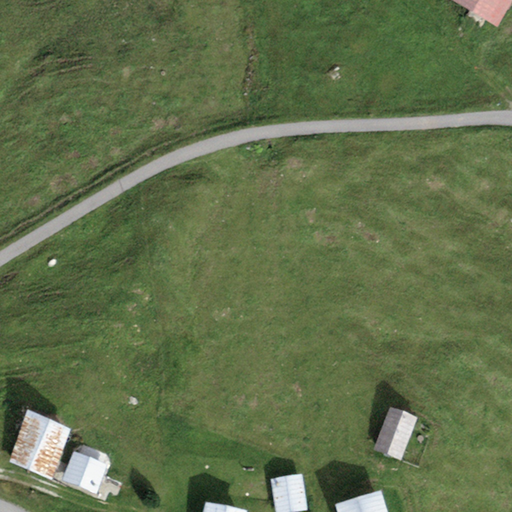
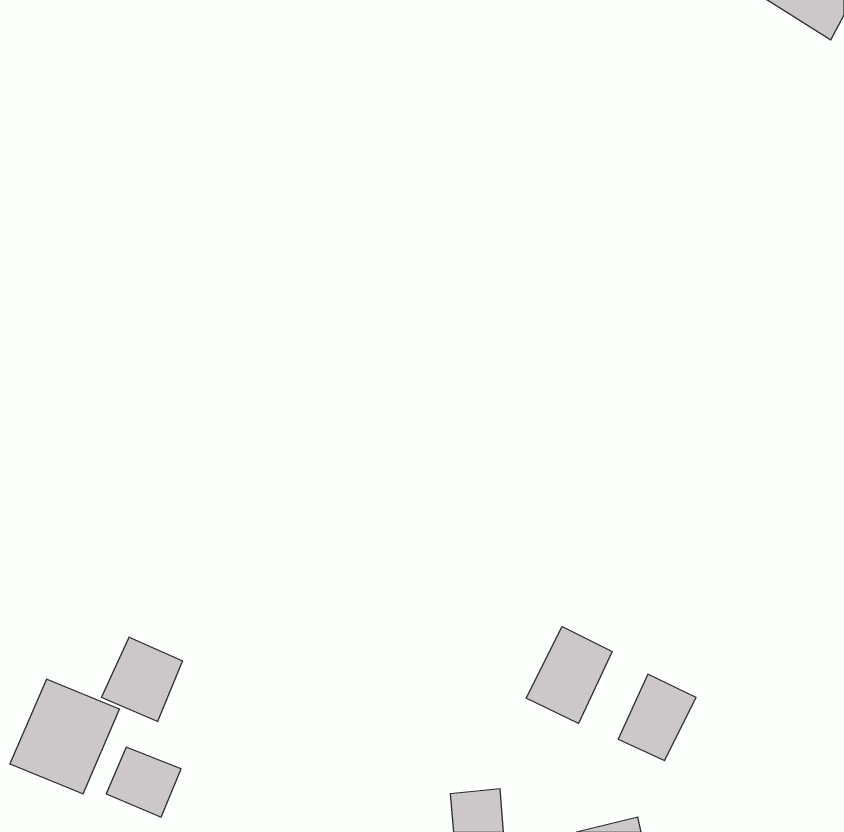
building: none -> [526,627,612,723]
building: none -> [102,637,183,722]

